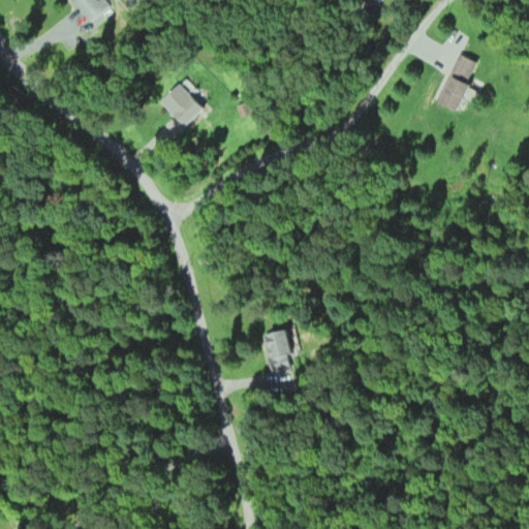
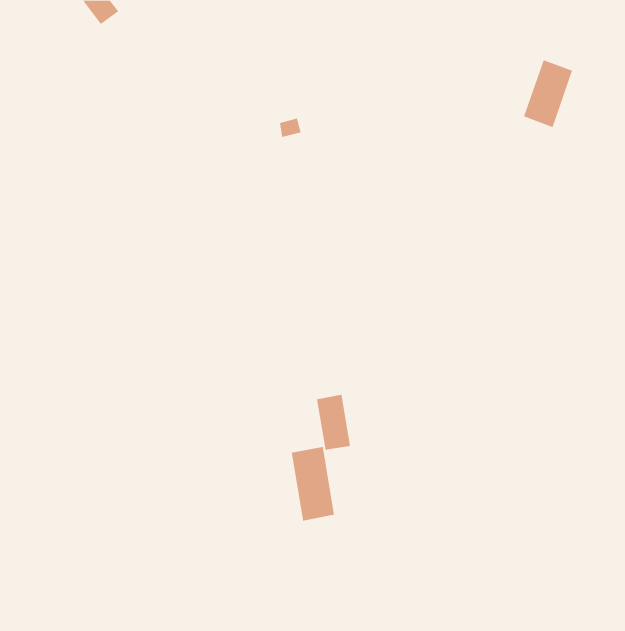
building: [160,83,204,126] -> none
building: none -> [291,446,335,521]

